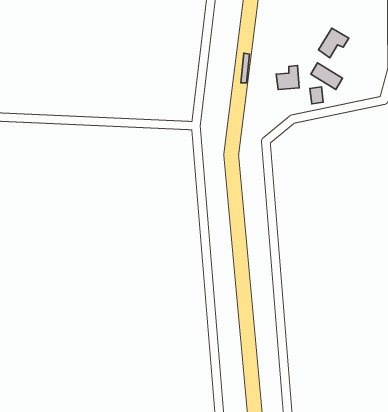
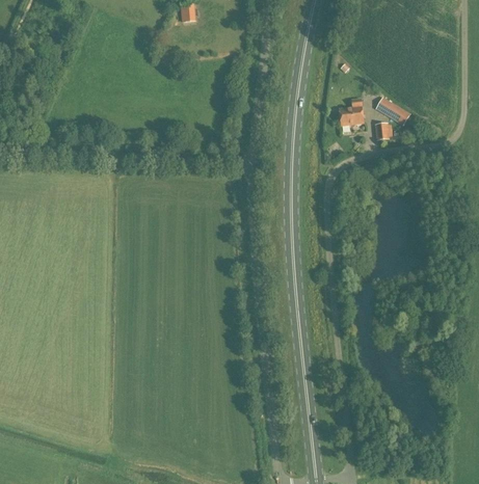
building: [318,28,349,58] -> none

